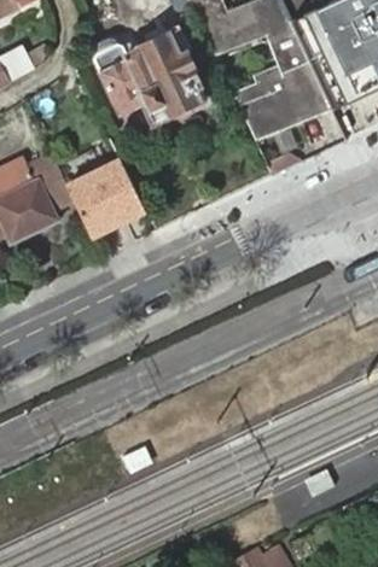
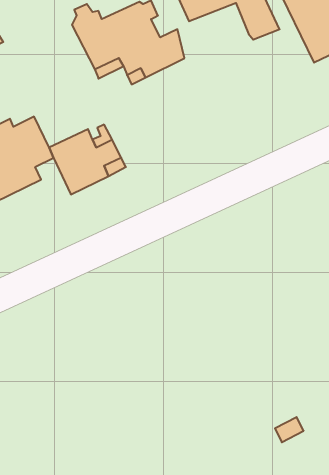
building: [233,62,331,140] -> none

